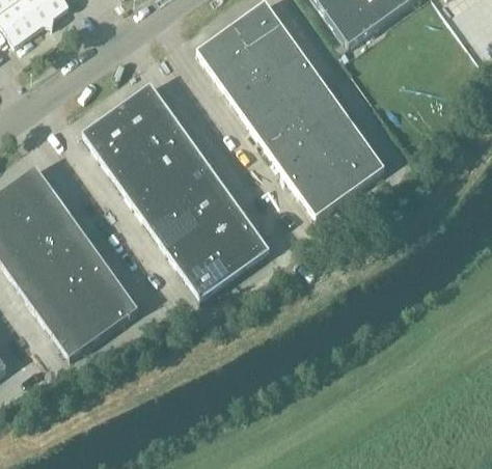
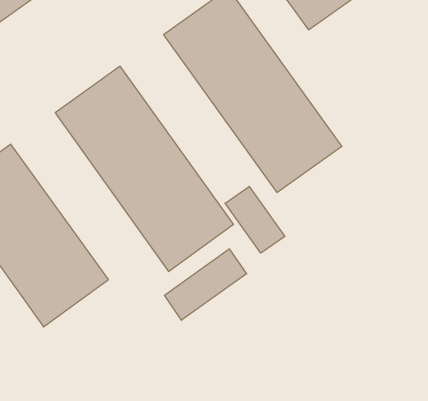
building: none -> [225,186,285,253]
building: none -> [164,249,247,320]

